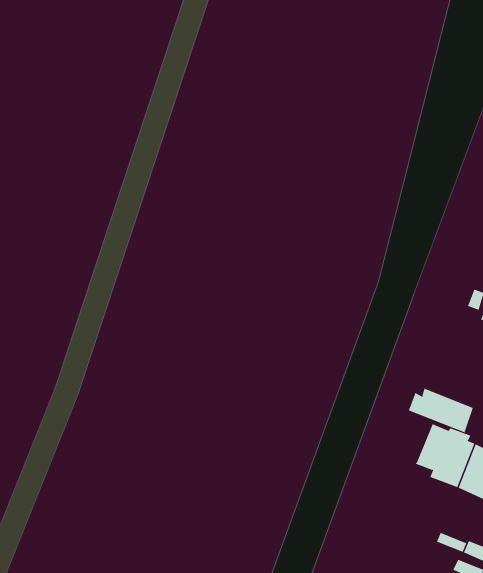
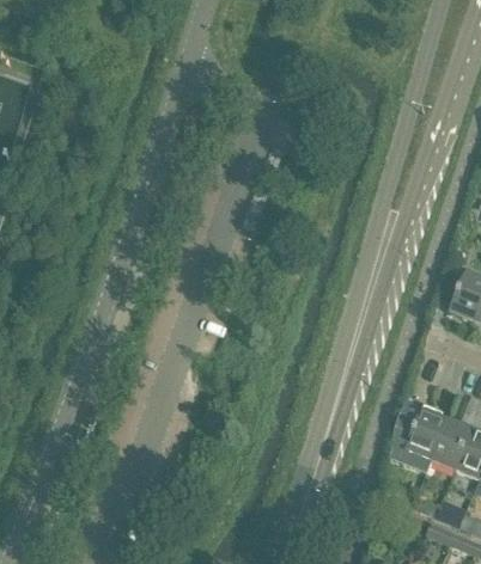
building: [408,388,473,433] -> none

